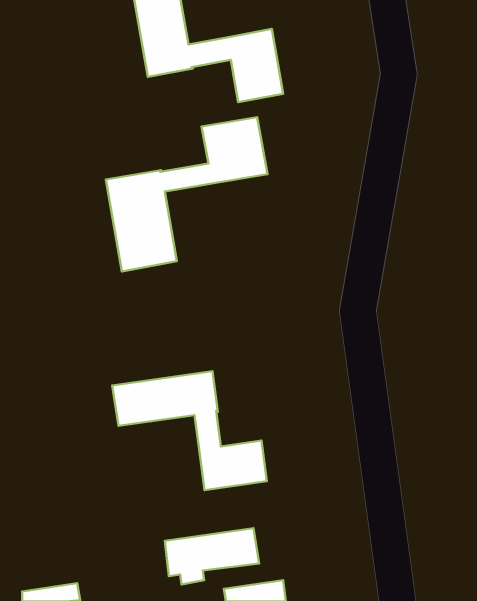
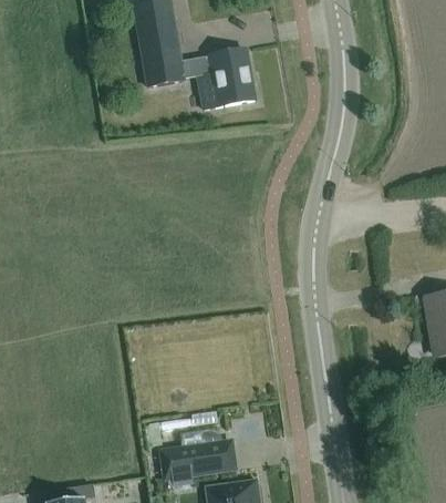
building: [106,117,267,272] -> none
building: [112,371,267,490] -> none

